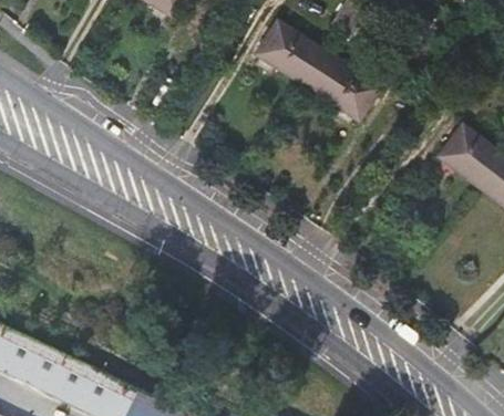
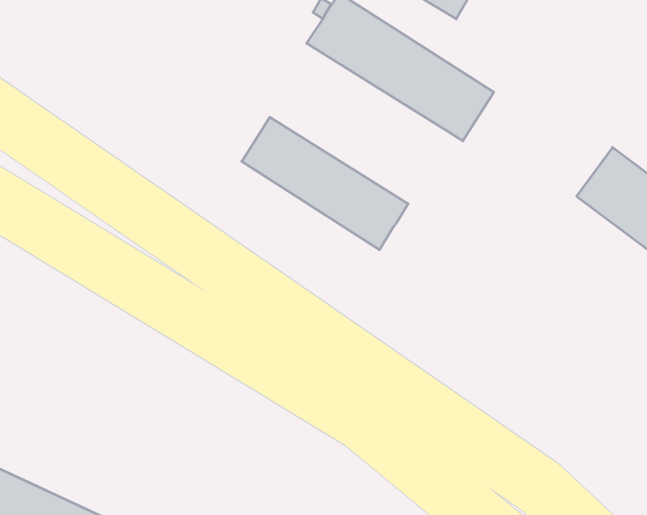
building: none -> [242,117,408,250]

